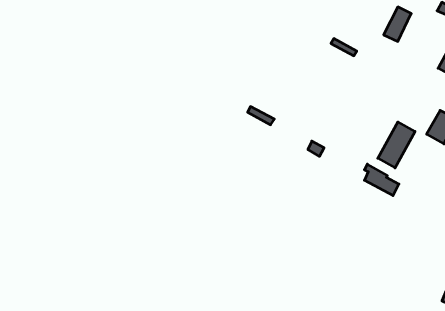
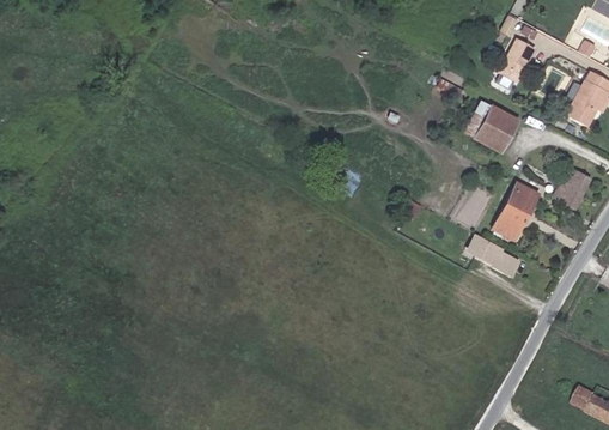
building: none -> [462,98,518,152]

